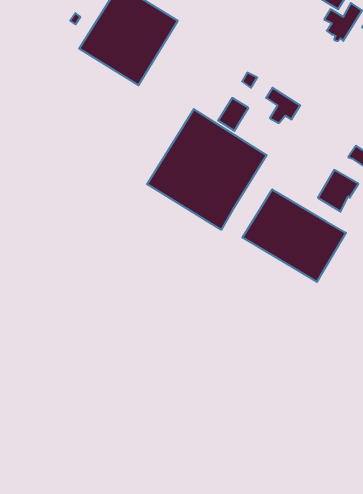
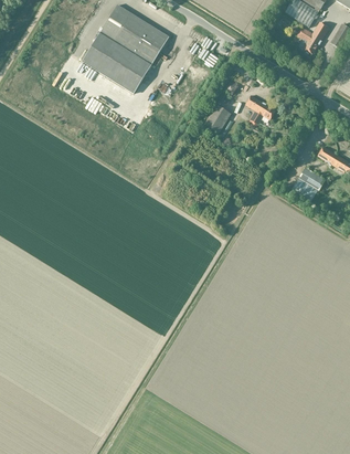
building: [147,109,267,230] -> none
building: [242,189,346,282] -> none

